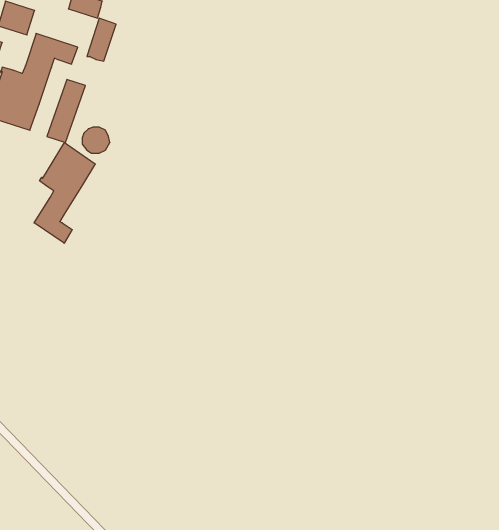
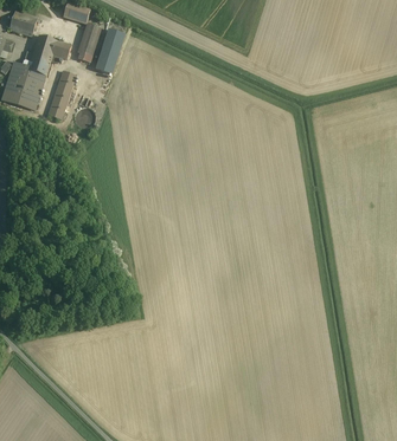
building: none -> [96,31,124,74]
building: [34,143,95,243] -> none

